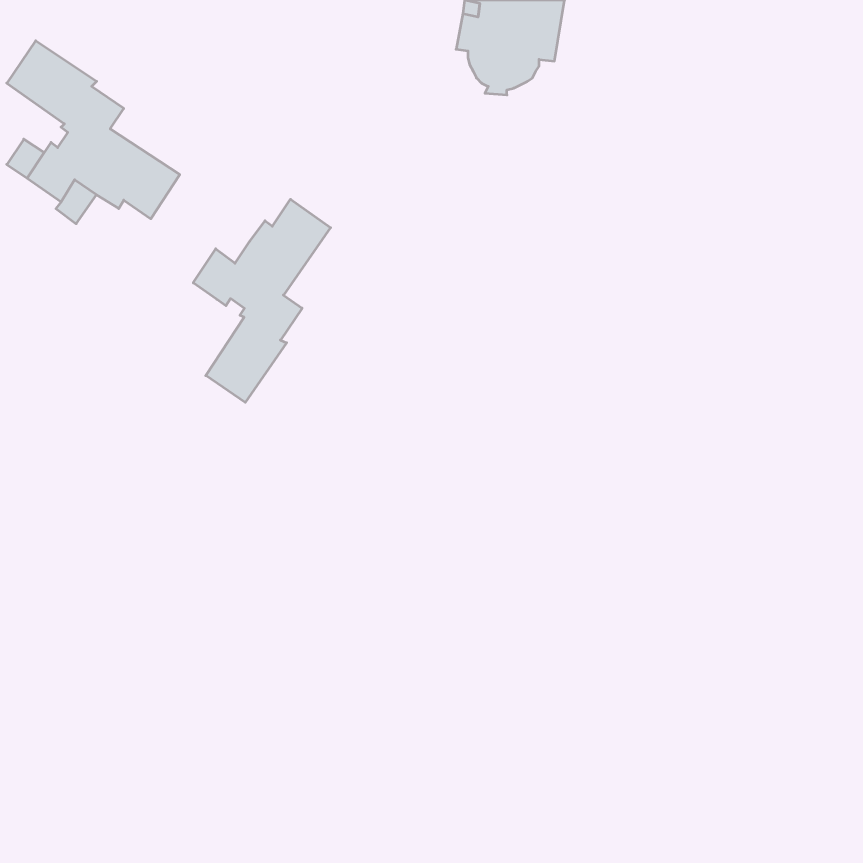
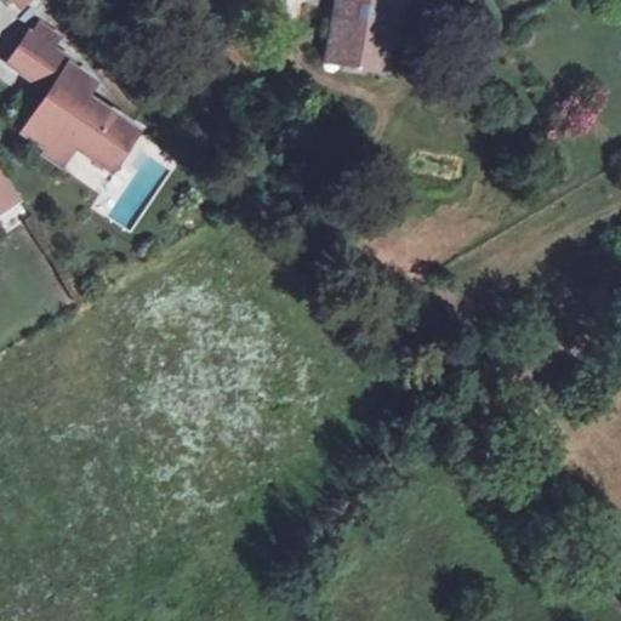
building: [193,199,331,402] -> none

